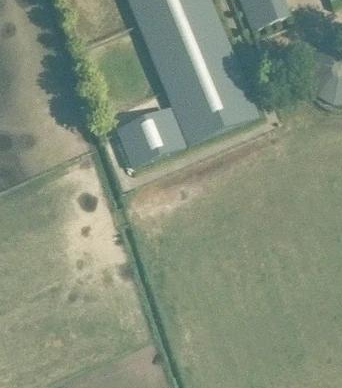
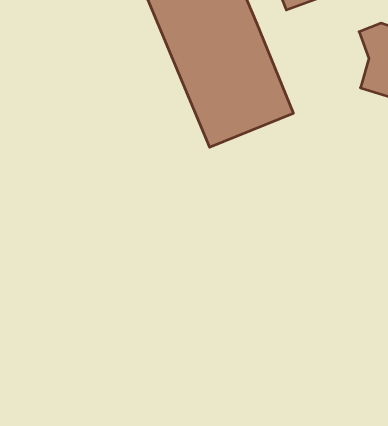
building: [118,109,185,167] -> none

